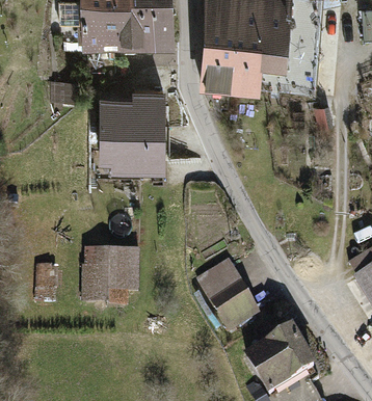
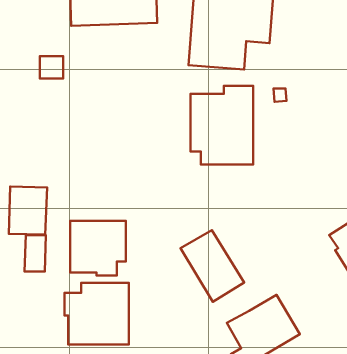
building: [101,90,165,171] -> [191,86,253,165]
building: none -> [9,186,47,234]
building: none -> [65,283,129,345]

